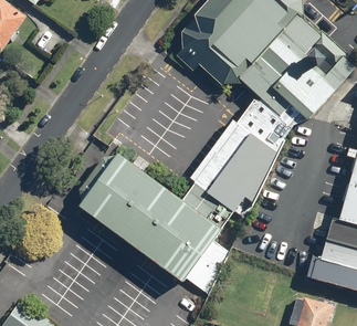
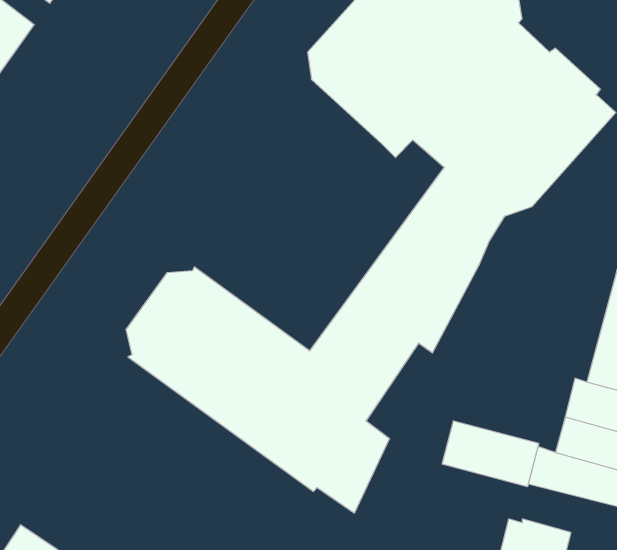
building: none -> [442,421,539,487]

